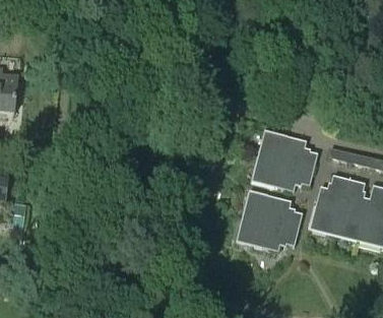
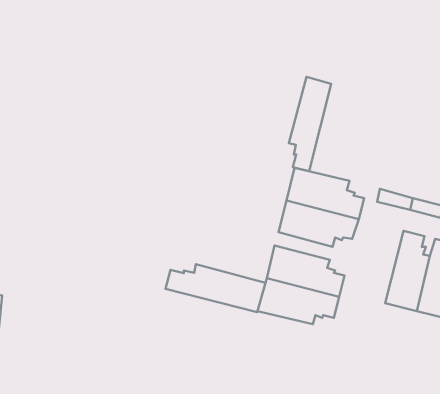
building: none -> [289,77,331,171]
building: [309,175,347,235] -> none
building: none -> [166,264,265,312]

